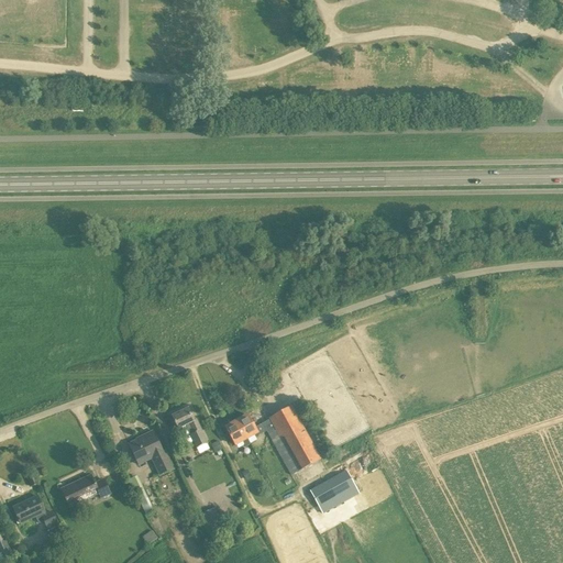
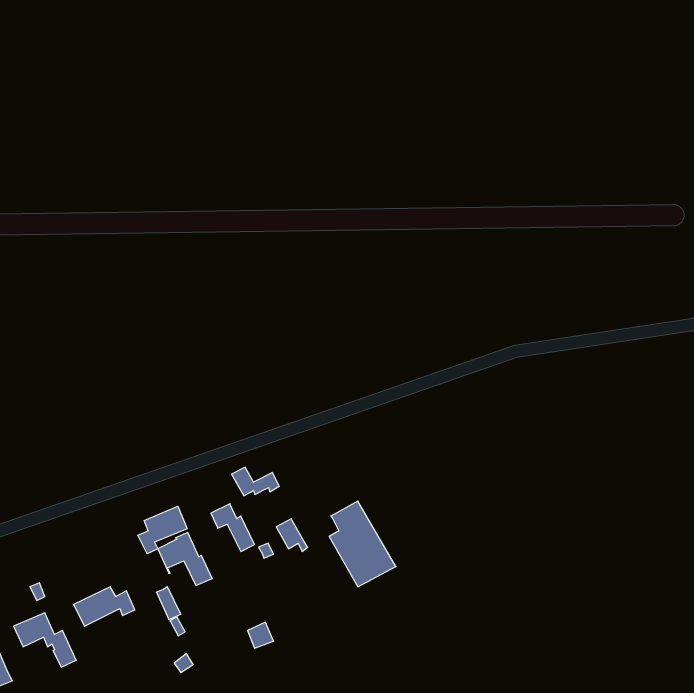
building: none -> [138,506,187,554]
building: [235,413,274,437] -> [232,467,279,496]
building: [308,468,358,512] -> none

